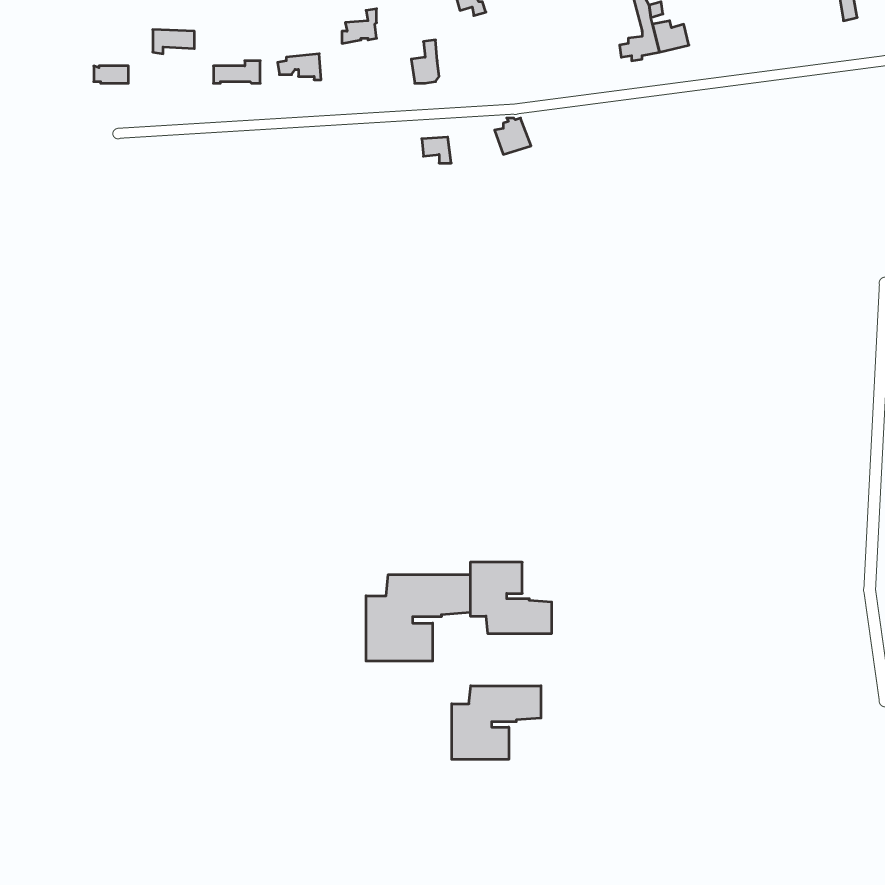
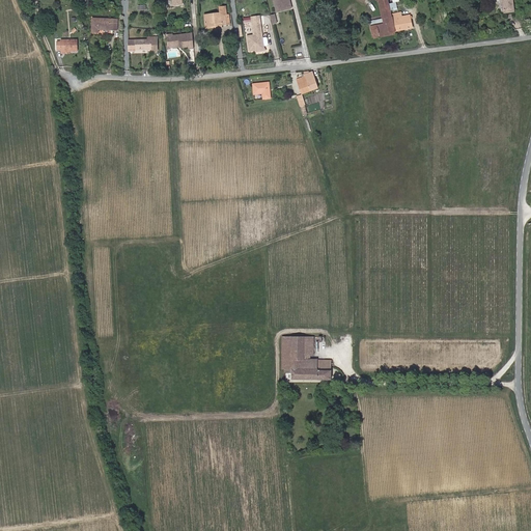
building: [366,575,470,661] -> none
building: [452,686,541,759] -> none

